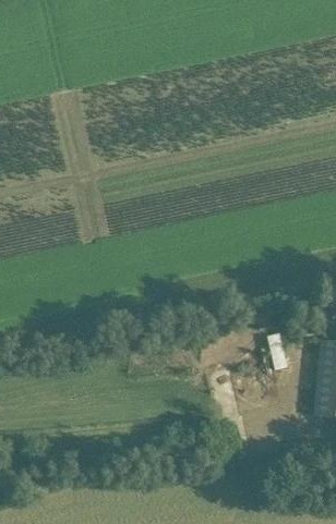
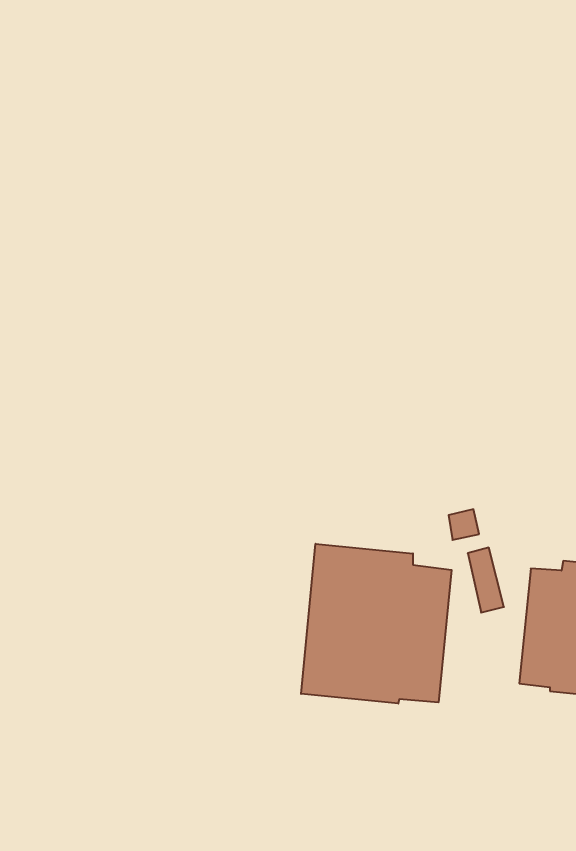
building: none -> [301,544,452,704]

